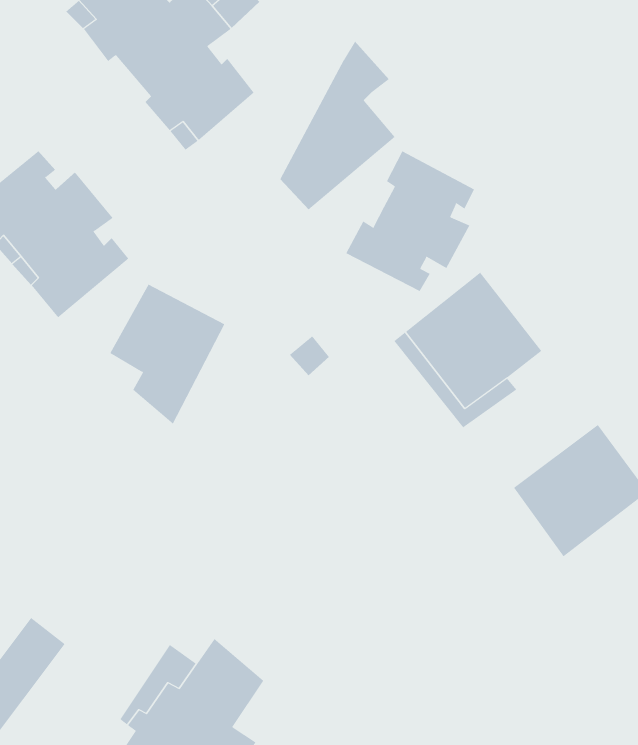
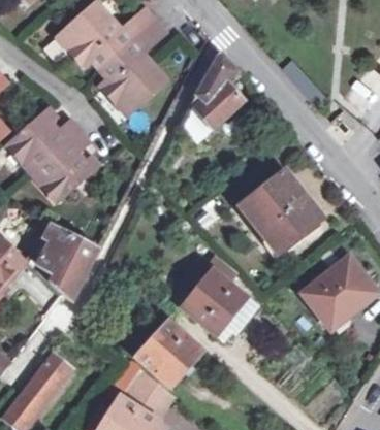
building: [346,150,475,292] -> none
building: [109,284,225,424] -> [36,225,98,300]
building: none -> [178,260,255,333]
building: none -> [134,319,201,385]

